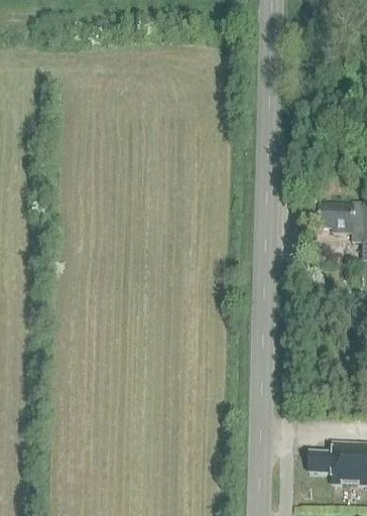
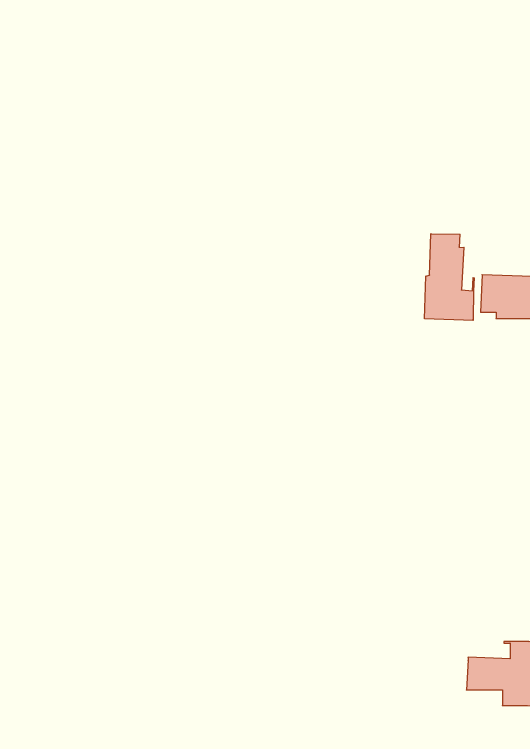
building: none -> [425,234,474,320]

